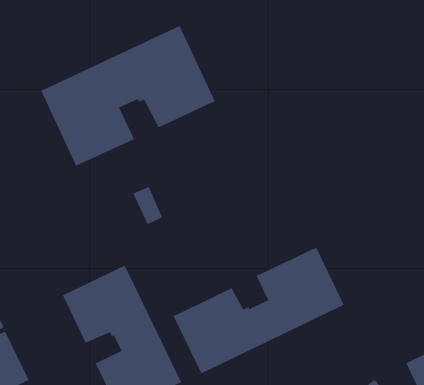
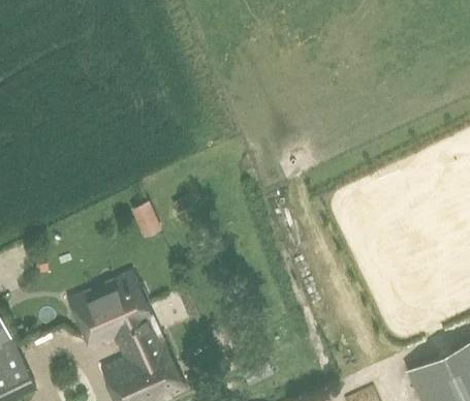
building: [40,25,216,166] -> none
building: [173,247,344,374] -> none

